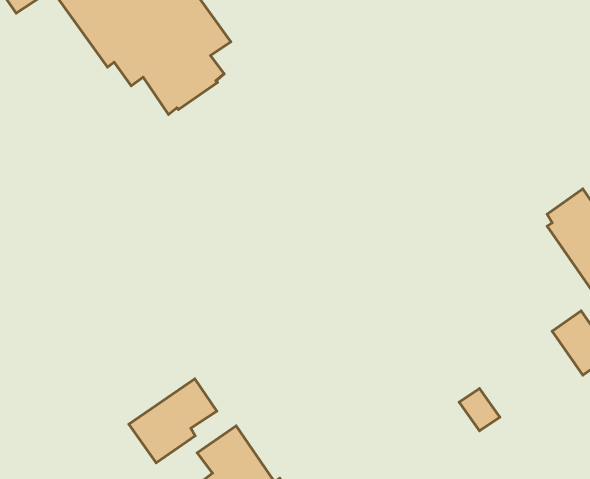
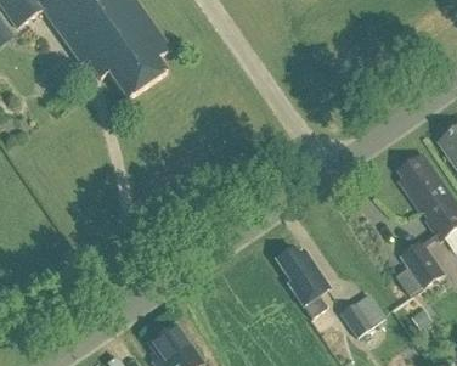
building: none -> [273,244,328,316]
building: [129,379,217,463] -> none

